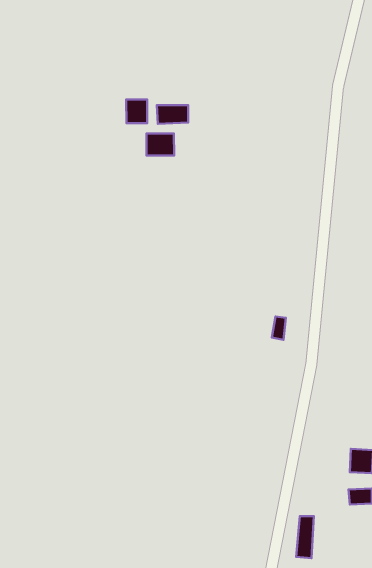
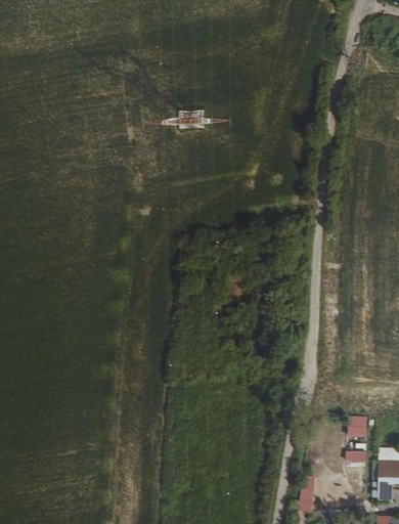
building: [126,99,147,123] -> none
building: [146,134,174,156] -> none

